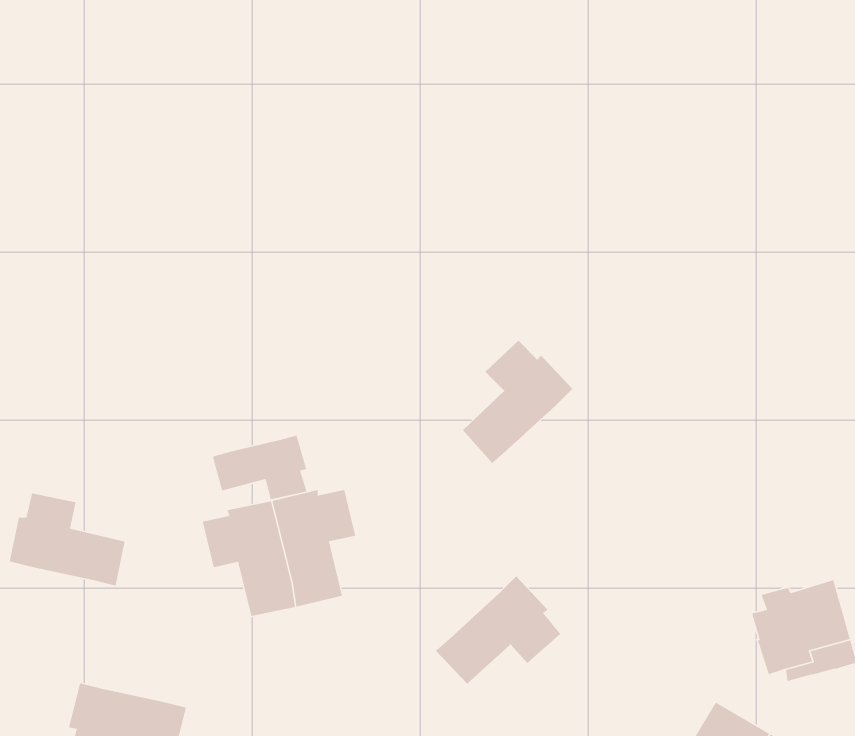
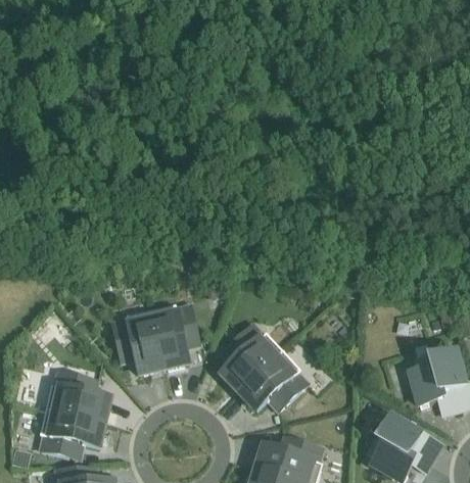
building: [462,340,573,464] -> [223,325,283,392]
building: [212,434,308,500] -> none
building: [9,492,125,586] -> [46,372,109,423]

